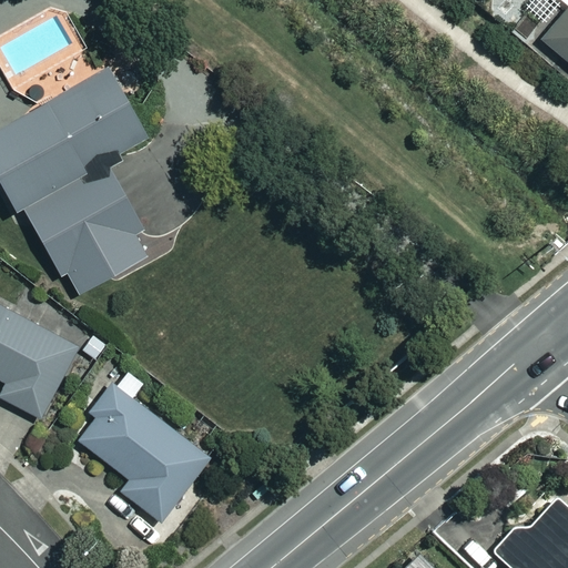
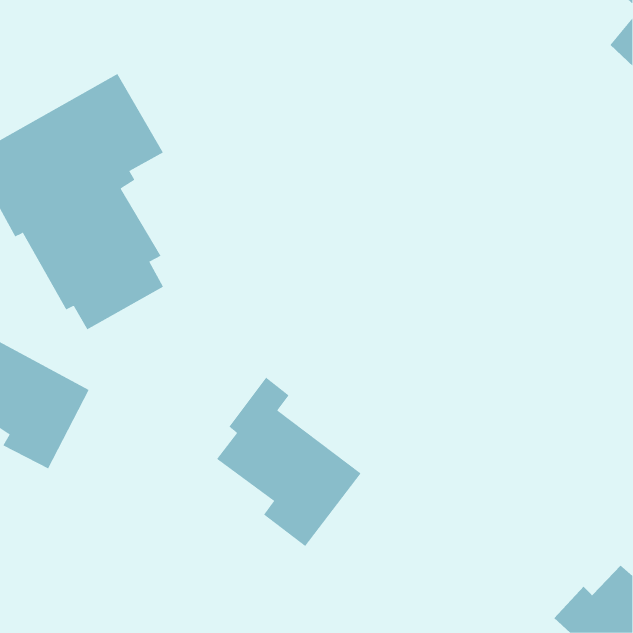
building: [81,369,211,521] -> [216,377,361,547]

